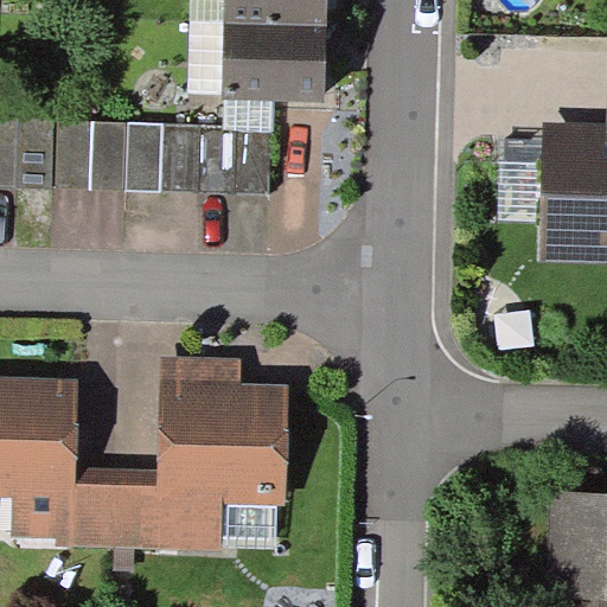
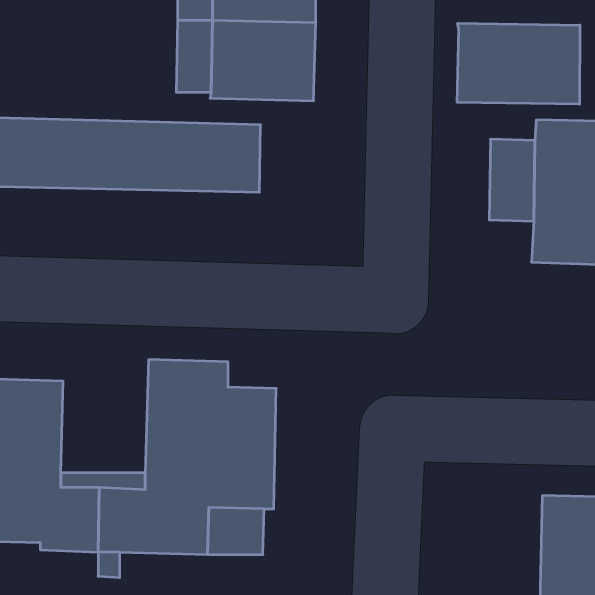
building: none -> [457,23,580,104]

